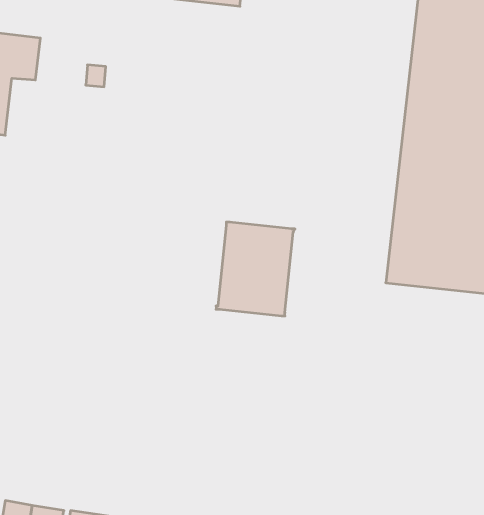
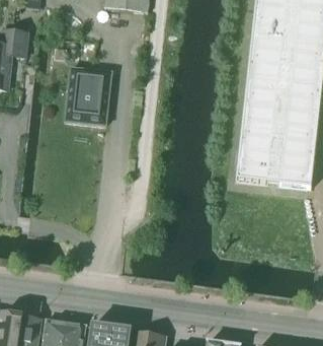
building: [216,222,295,316] -> [64,67,111,124]

